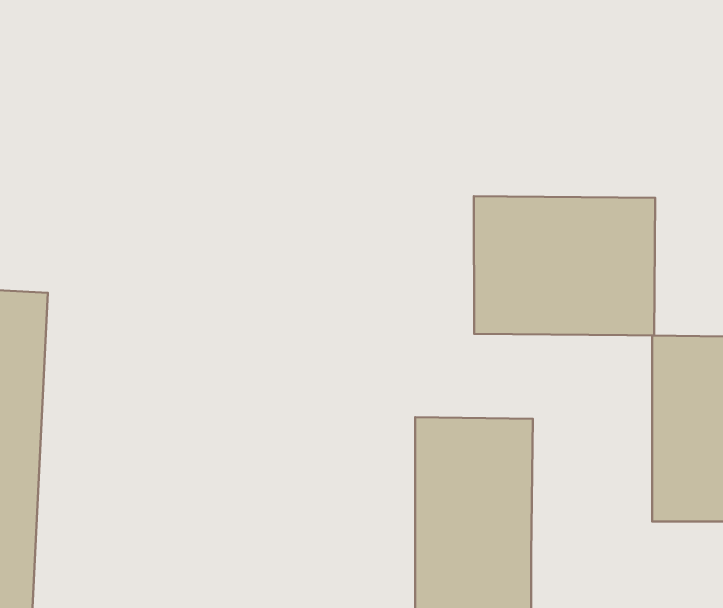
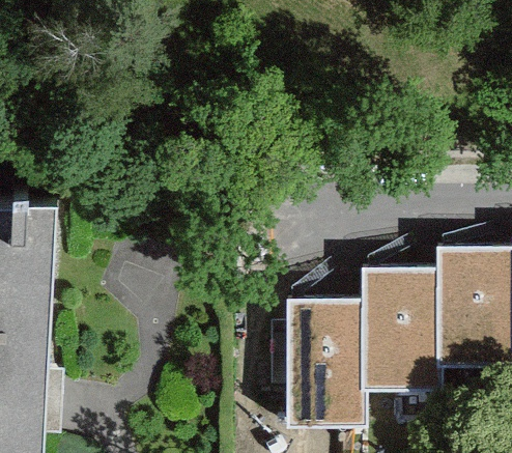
building: [474,196,655,335] -> none
building: none -> [360,266,436,386]

